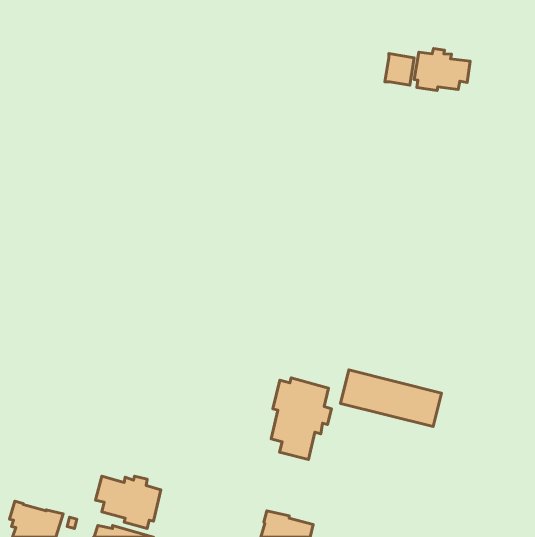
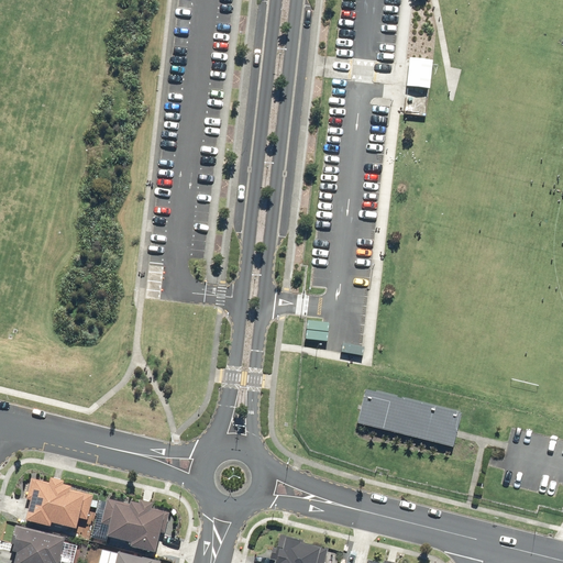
building: [414,49,470,90] -> none
building: [271,378,331,459] -> none
building: none -> [25,477,98,529]

